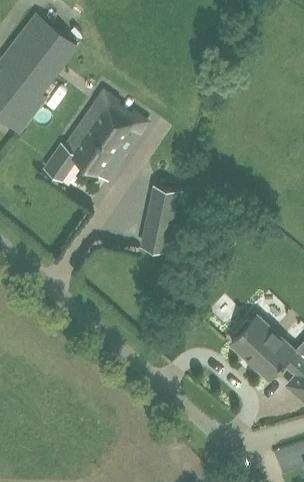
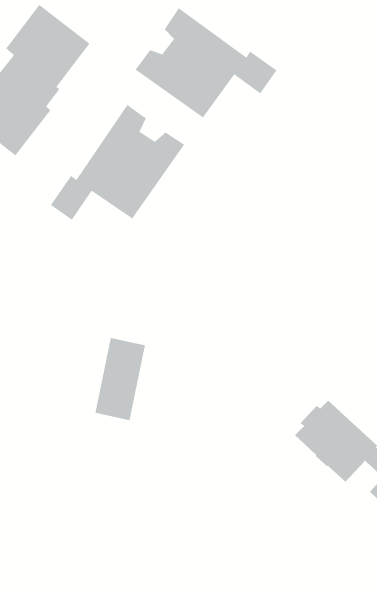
building: none -> [135,7,278,118]
building: [142,187,181,251] -> [95,337,146,421]

